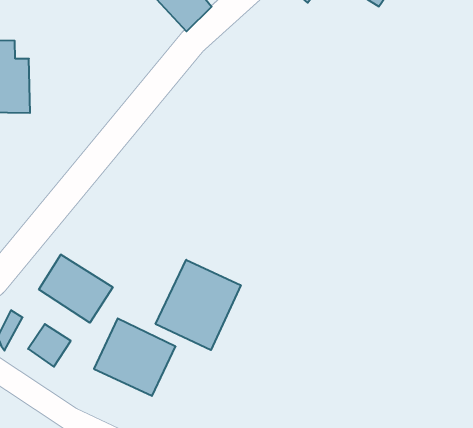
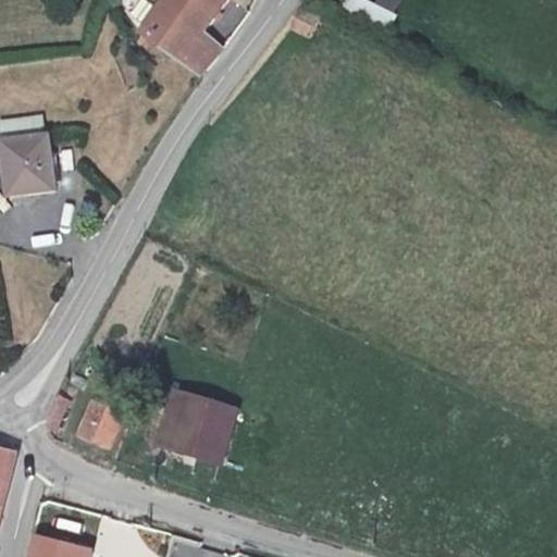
building: [39,254,113,323] -> none
building: [156,260,241,350] -> none

